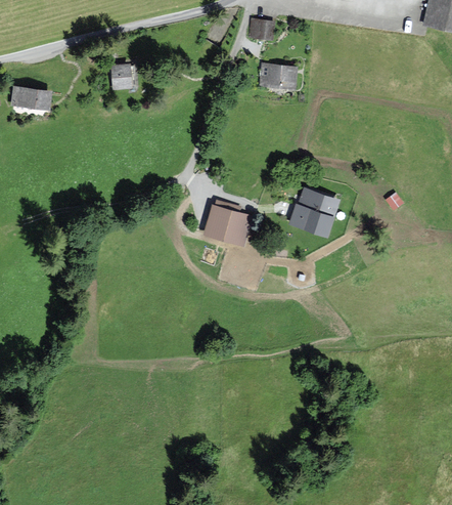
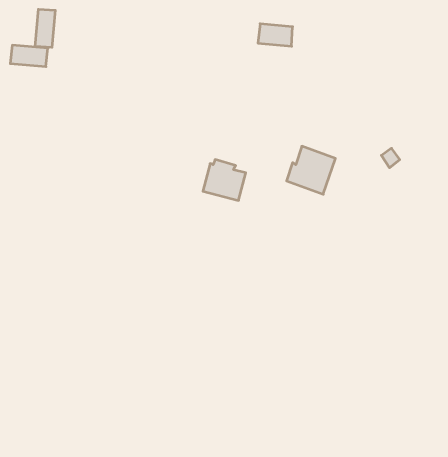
building: none -> [35,9,55,47]
building: [110,66,132,89] -> none

